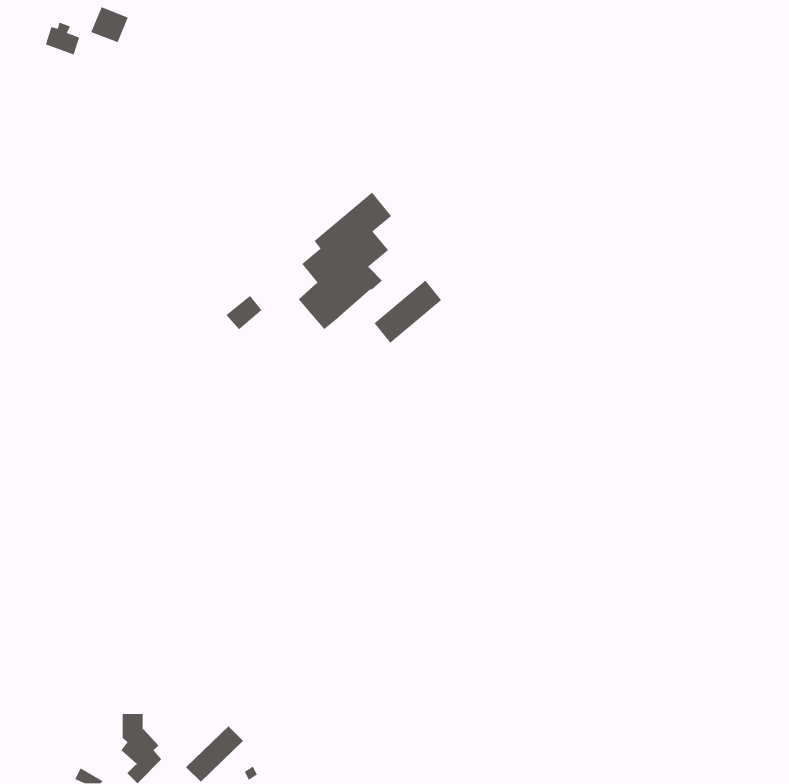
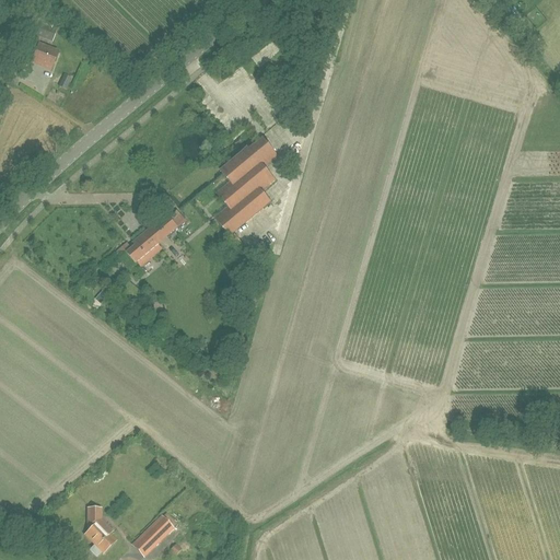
building: [90,6,129,43] -> [31,42,58,68]
building: [374,280,442,344] -> none
building: none -> [116,231,160,261]

